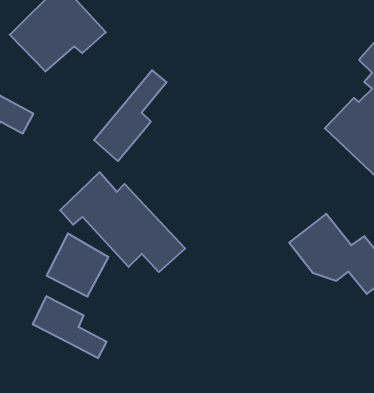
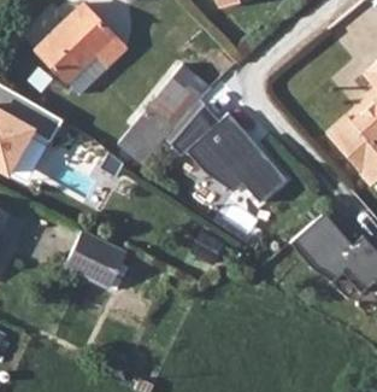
building: [60,172,185,272] -> [167,109,282,200]
building: [33,296,107,358] -> none

